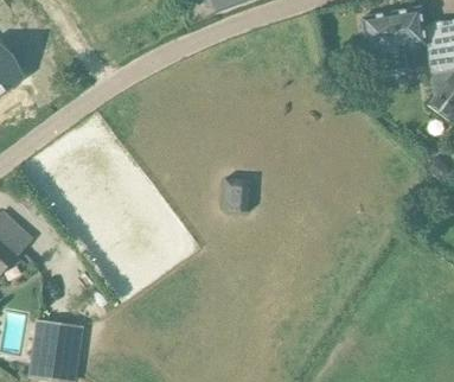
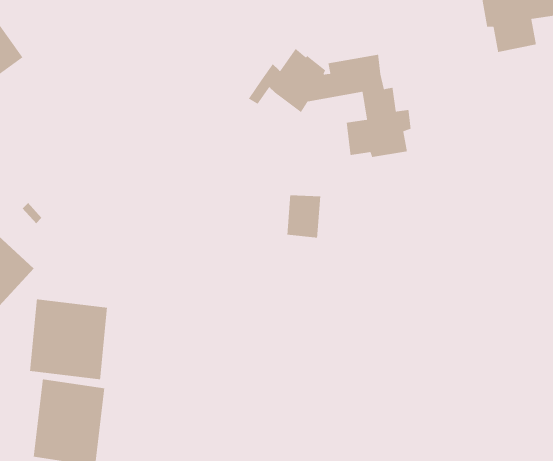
building: none -> [248,48,411,158]
building: none -> [29,298,108,380]

